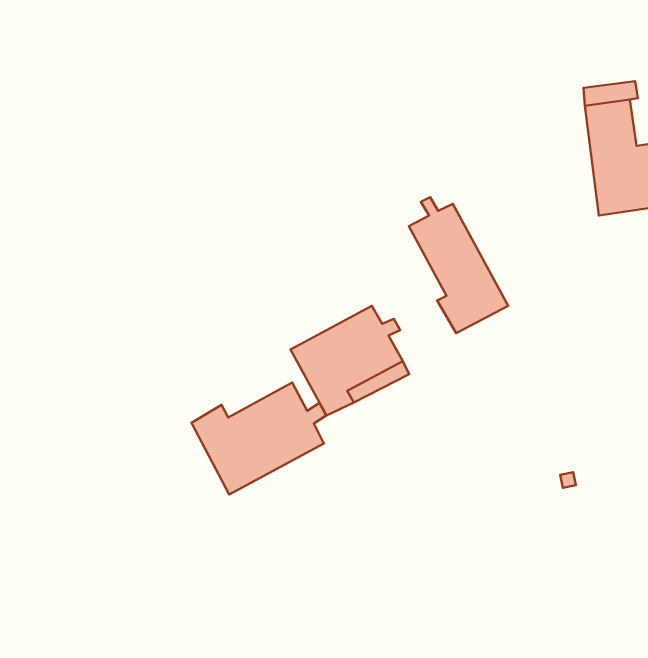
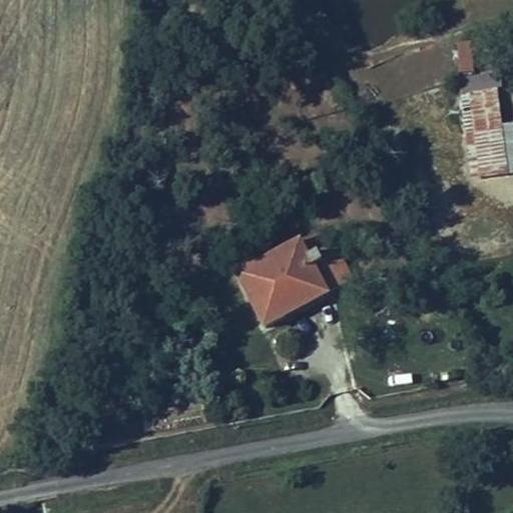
building: [409,197,508,333] -> none
building: [191,383,326,494] -> none

